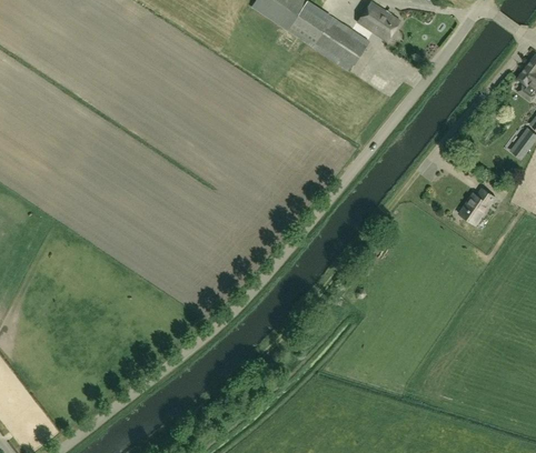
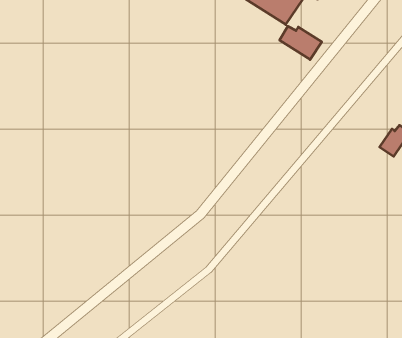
building: none -> [280,26,322,60]

